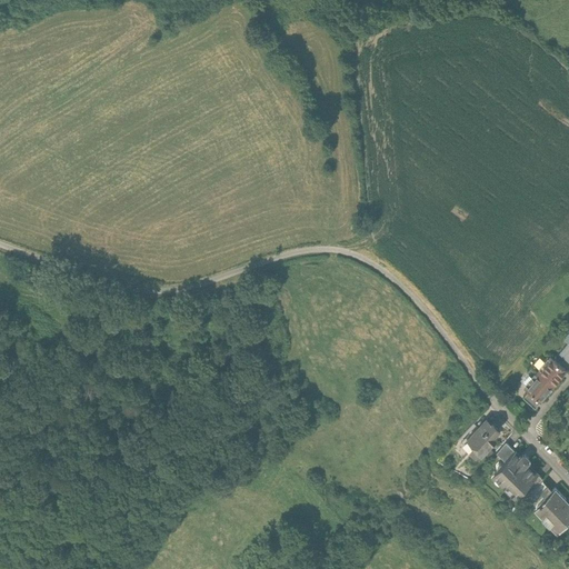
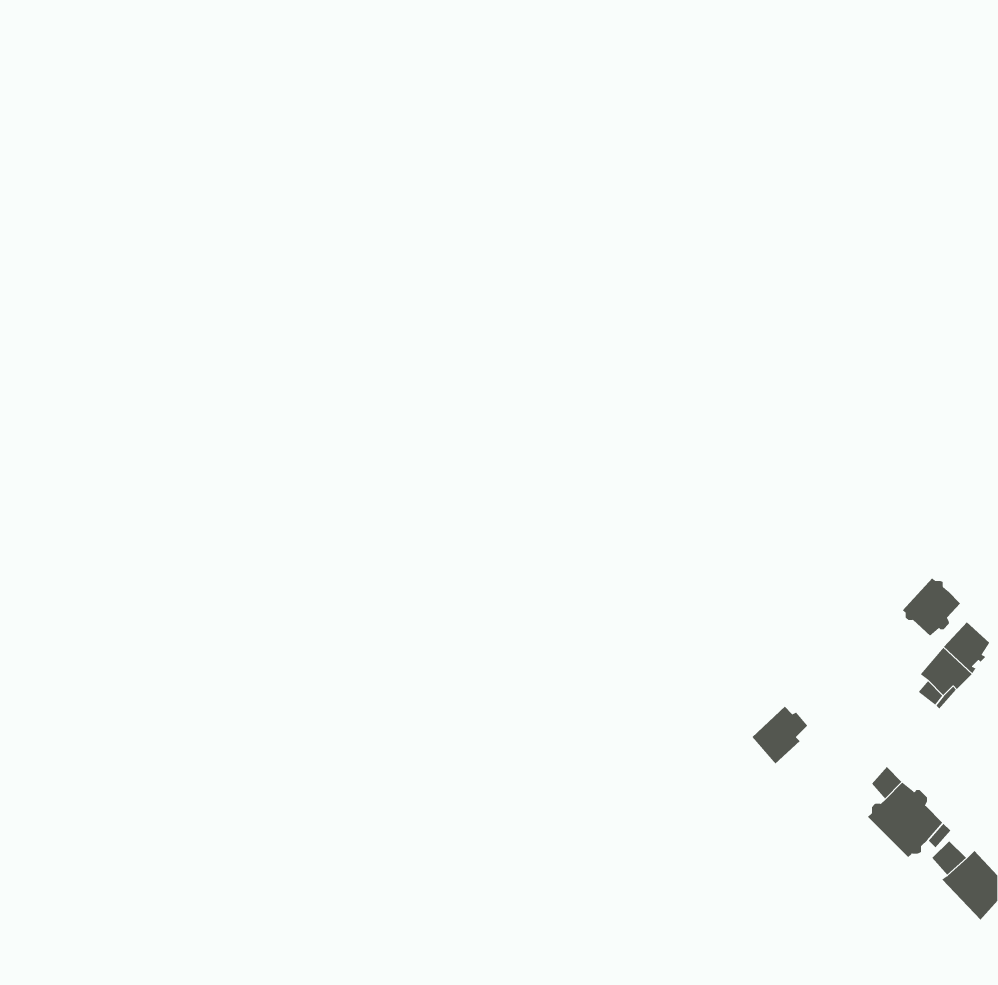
building: none -> [902,577,961,637]
building: [467,420,499,453] -> [752,706,808,765]

